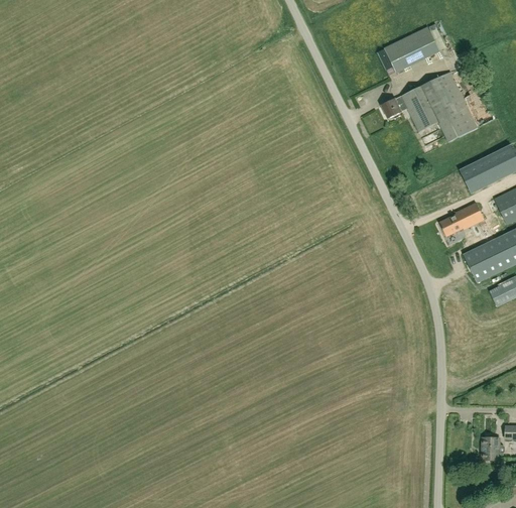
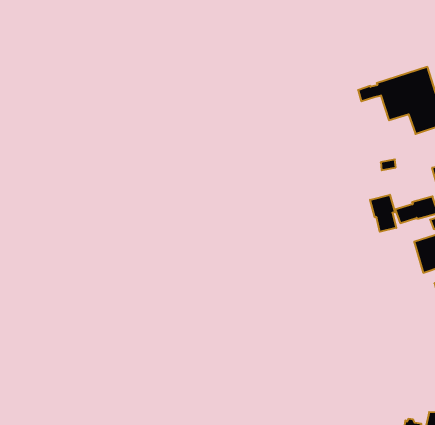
building: [384,26,440,73] -> none
building: none -> [370,195,396,232]

